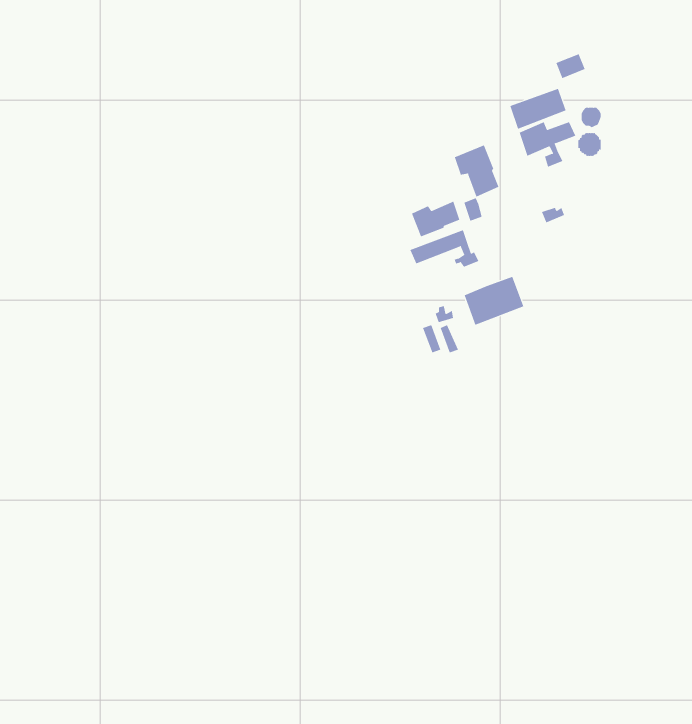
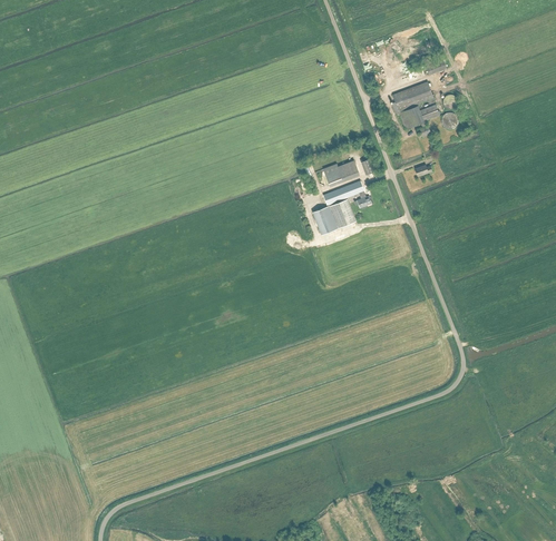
building: [454,145,499,198] -> none
building: [464,276,524,325] -> [313,199,355,234]

